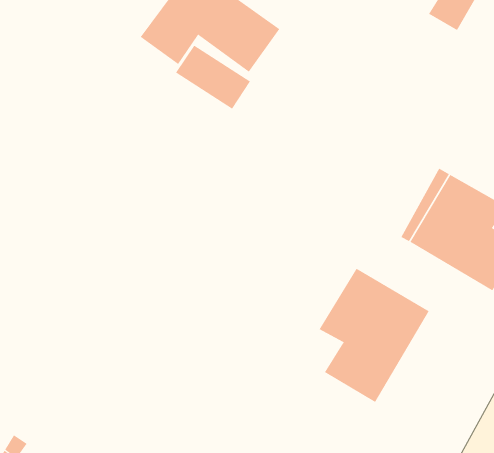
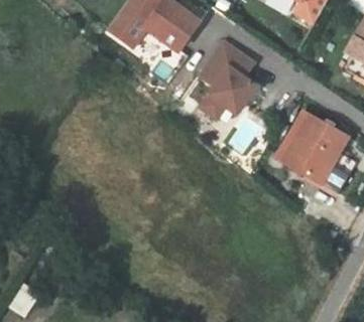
building: none -> [198,37,256,117]
building: [319,268,429,403] -> none

